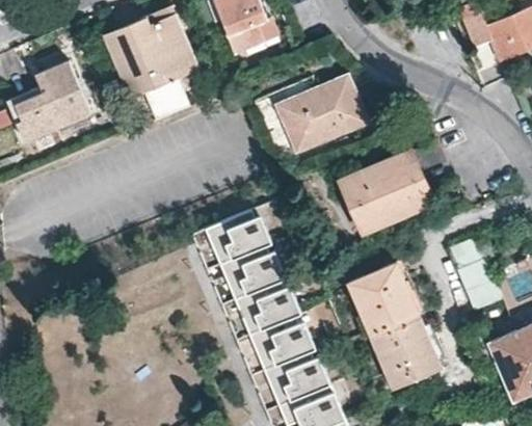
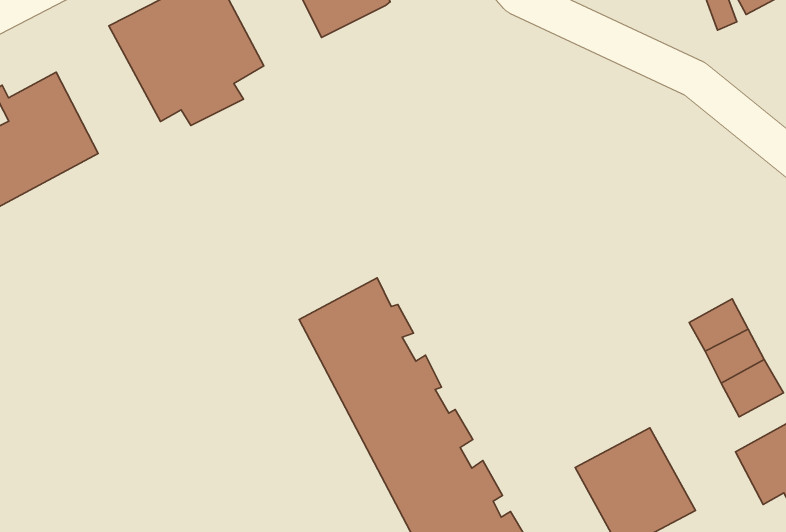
building: [274,75,367,152] -> none
building: [337,150,431,233] -> none
building: [346,263,418,336] -> none

